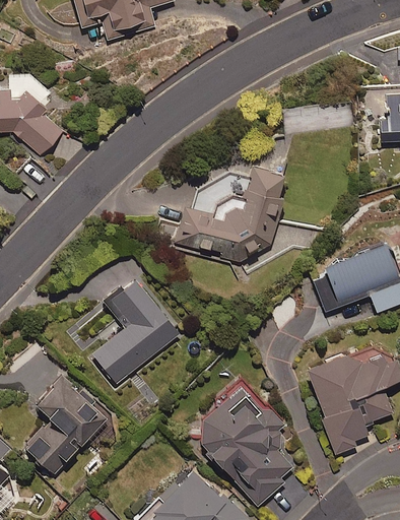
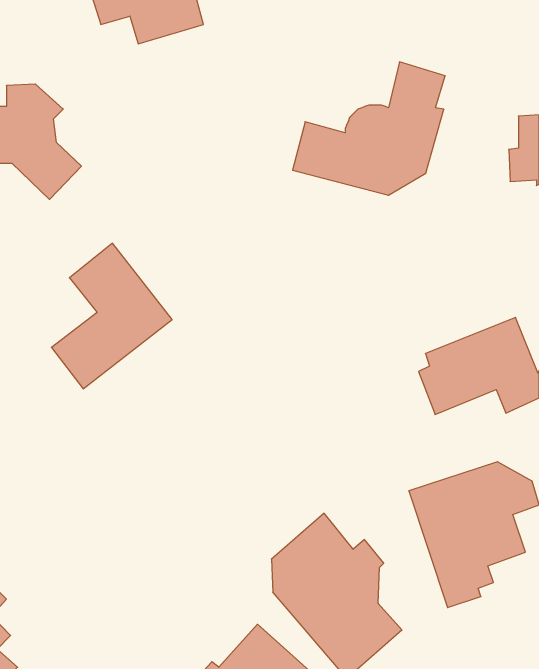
building: [171,165,282,262] -> [293,62,445,195]
building: [93,277,182,384] -> [51,243,172,389]
building: [26,375,110,473] -> none

